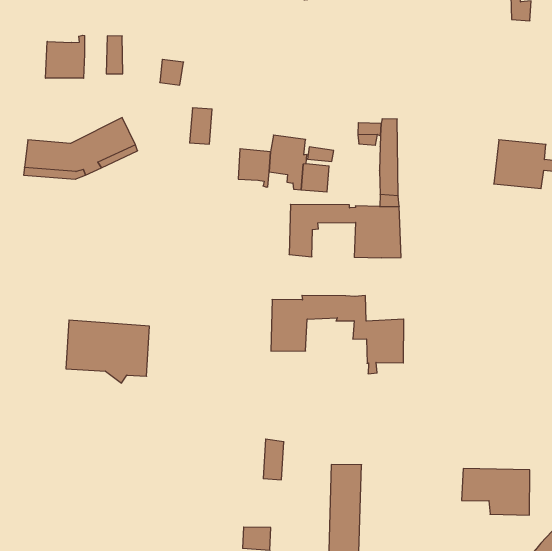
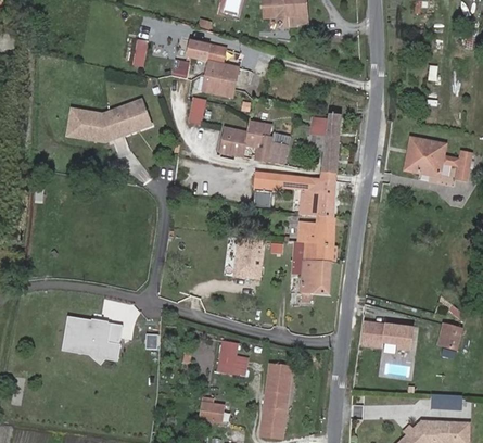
building: none -> [188,40,239,97]
building: [46,35,85,78] -> none
building: none -> [297,216,334,262]
building: [66,320,149,383] -> [61,316,124,365]
building: [462,469,530,515] -> [361,322,412,360]

